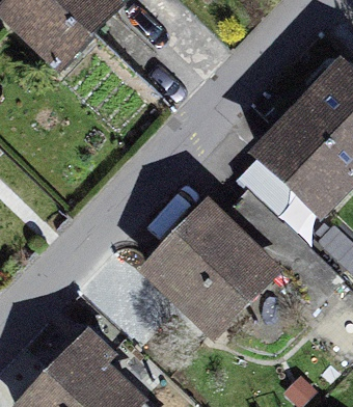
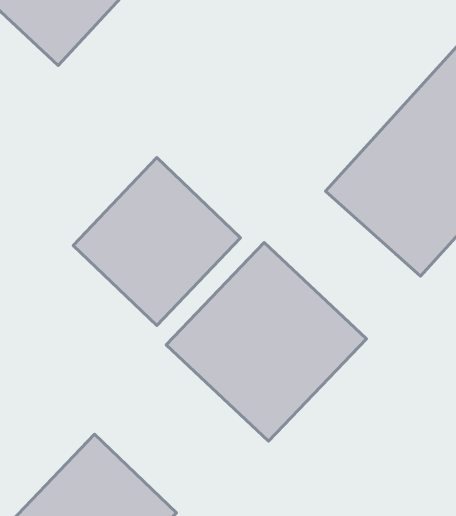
building: none -> [73,158,241,326]

